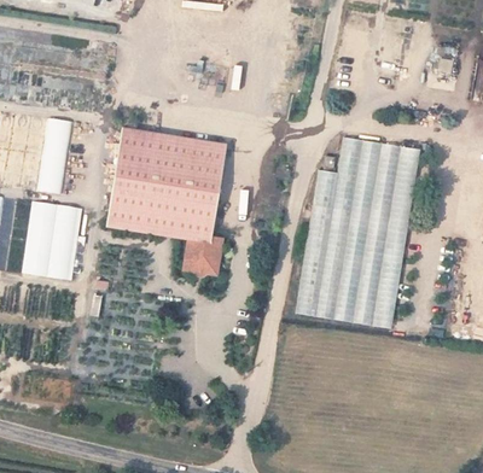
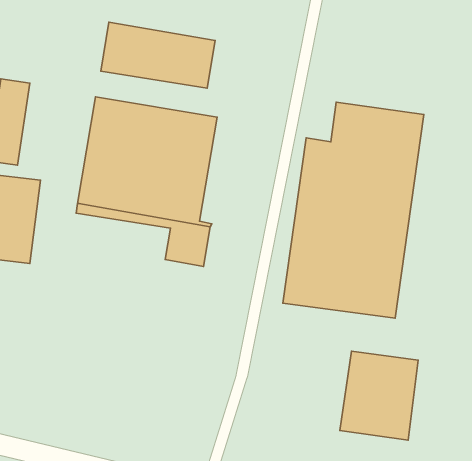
building: none -> [101,22,215,88]
building: none -> [340,351,418,440]

